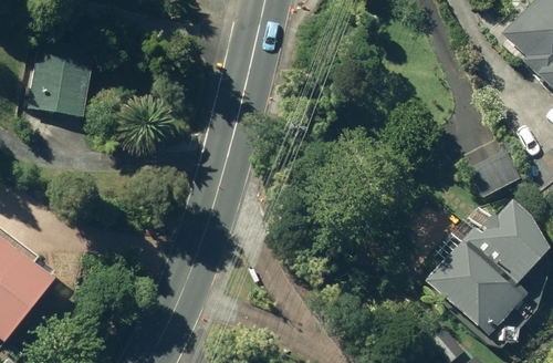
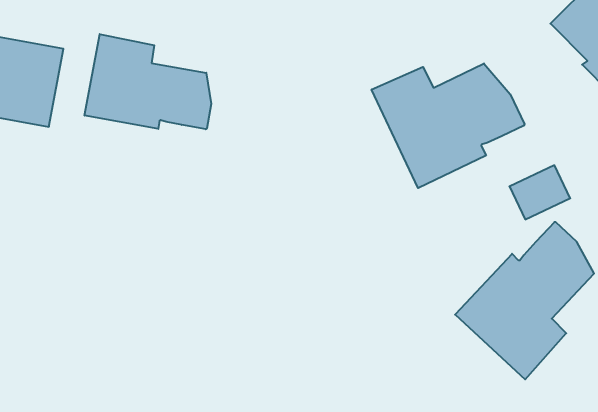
building: none -> [85,34,211,129]
building: none -> [372,63,524,188]

